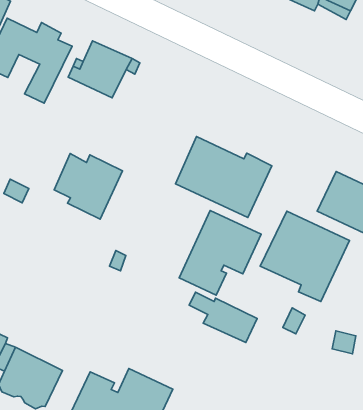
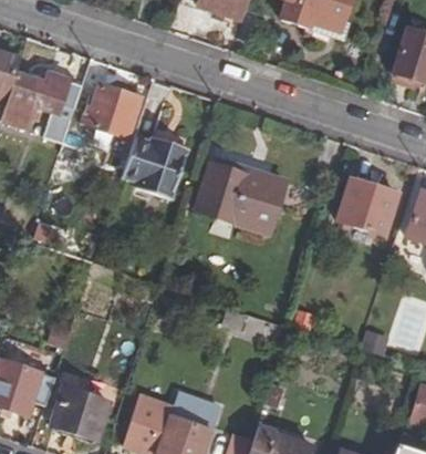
building: [54,154,123,219] -> [124,136,187,196]
building: [179,211,261,295] -> none
building: [260,211,349,301] -> none

